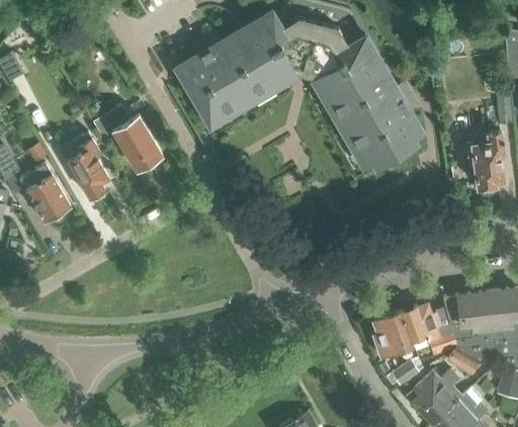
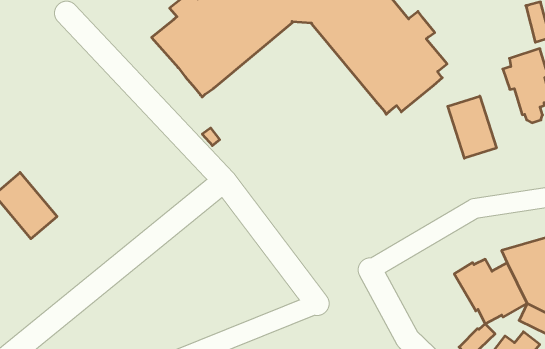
building: [96,107,164,170] -> none
building: [62,134,109,201] -> none
building: none -> [448,96,496,158]
building: [372,312,412,357] -> none

